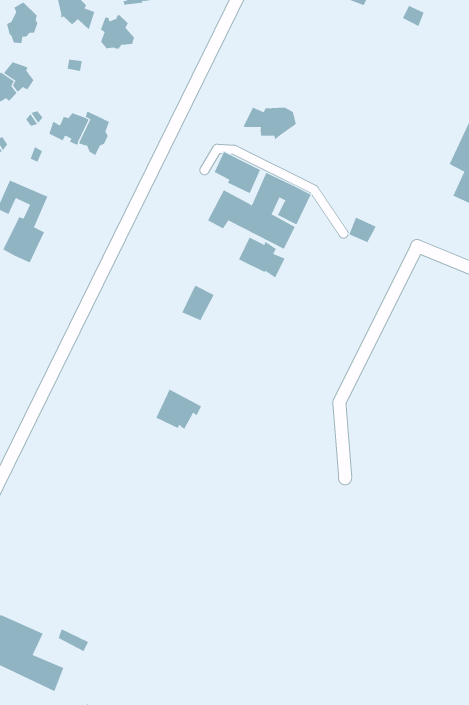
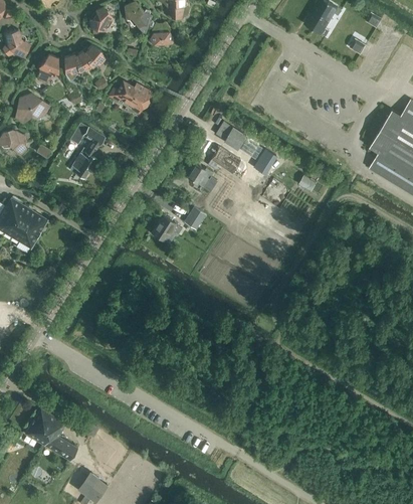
building: [243,107,297,140] -> none
building: [238,237,285,278] -> [187,163,218,192]
building: [156,389,202,430] -> [151,215,182,243]

